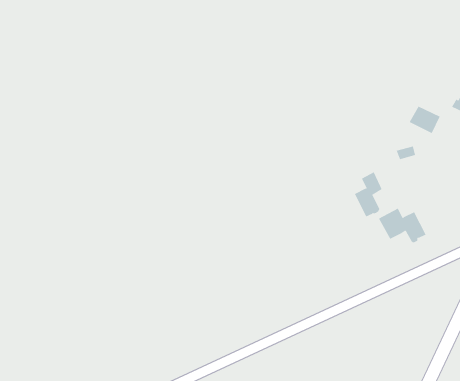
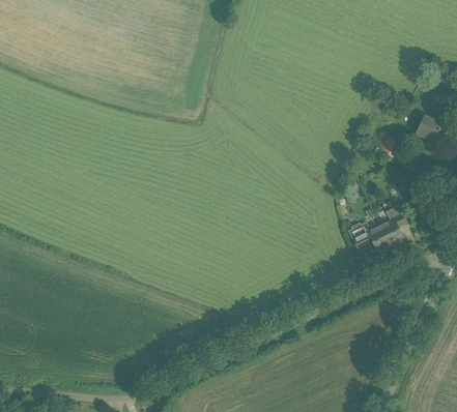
building: [354,171,384,217] -> [381,205,407,245]

